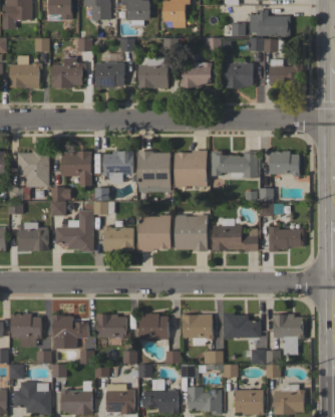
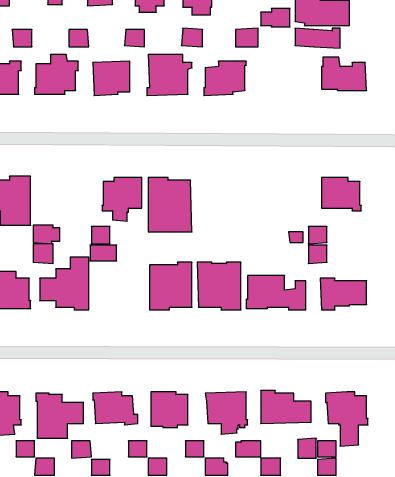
building: [223,62,252,87] -> none
building: [175,150,207,187] -> none
building: [60,151,91,186] -> none
building: [211,151,257,179] -> none
building: [102,226,134,251] -> none

